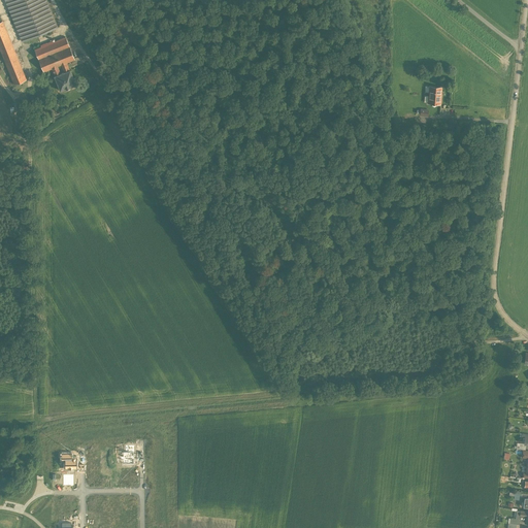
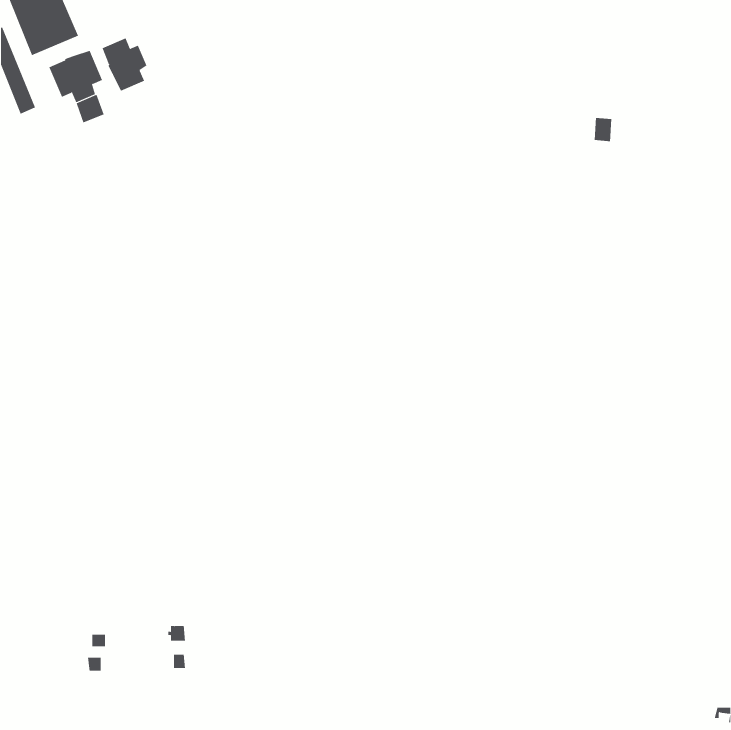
building: none -> [102,38,147,91]

